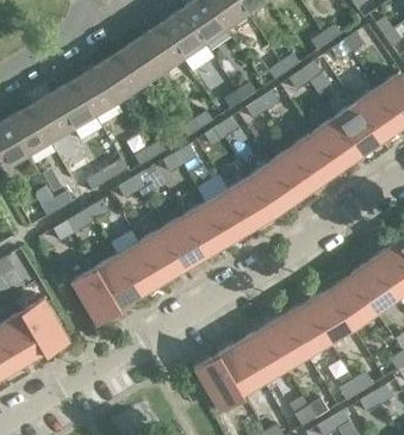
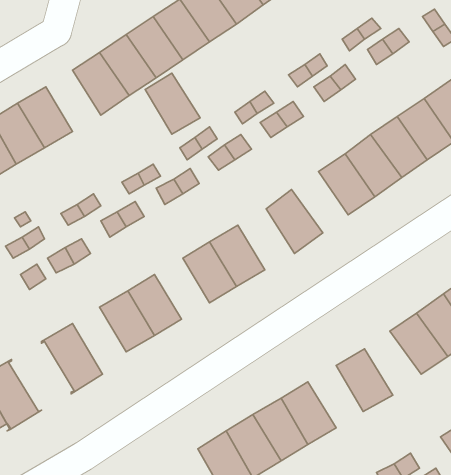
building: [74,67,118,116] -> [145,73,200,134]
building: [271,148,316,197] -> none
building: [228,178,273,226] -> none
building: [161,217,205,266] -> none
building: [95,256,138,310] -> none
building: [329,275,374,327] -> none
building: [284,303,328,353] -> none

